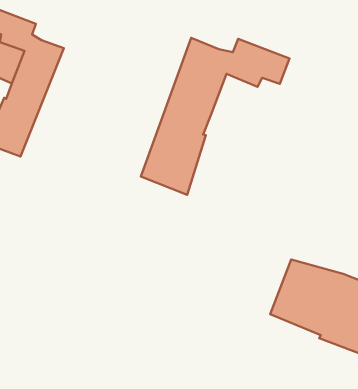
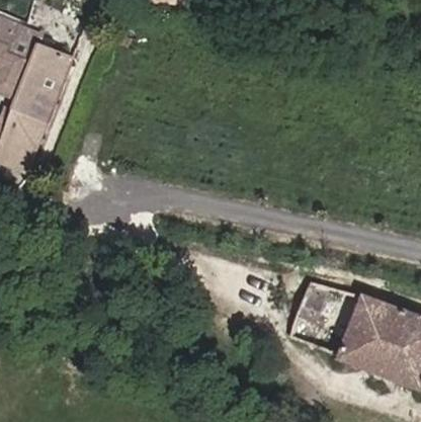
building: [141,38,290,195] -> none

